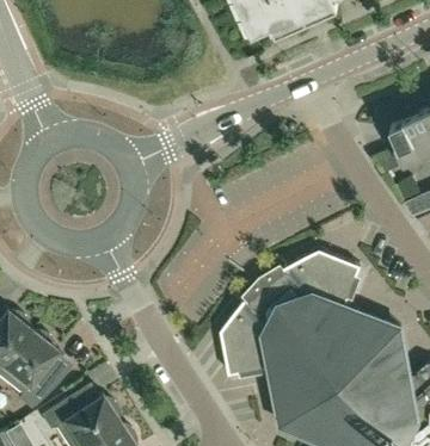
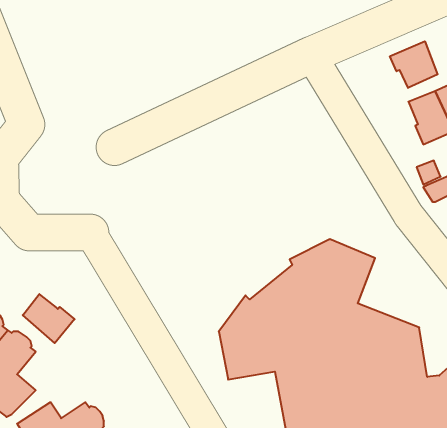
building: none -> [390,41,438,88]
building: none -> [23,294,75,343]

